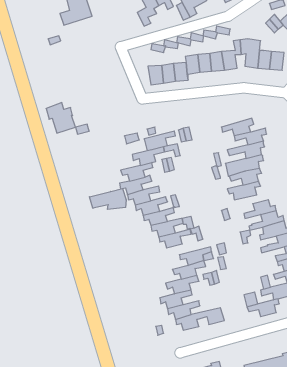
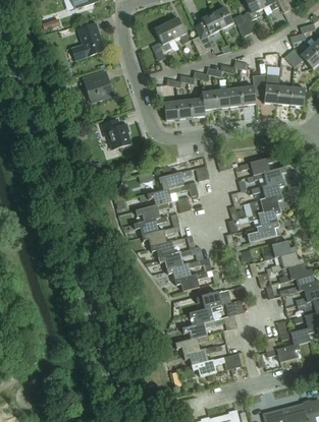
building: none -> [83,70,113,102]
building: [46,103,76,133] -> [101,118,131,149]
building: [89,189,126,209] -> none

